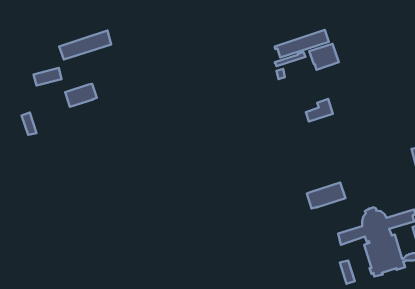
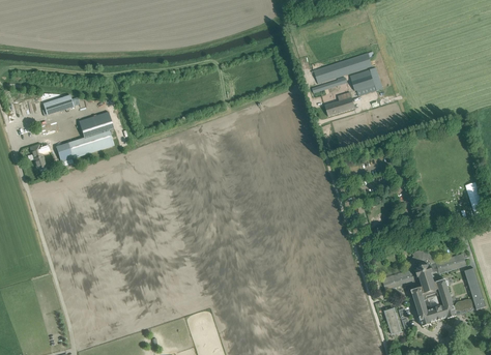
building: [59,31,111,60] -> [56,129,114,161]
building: [306,99,333,121] -> [325,91,355,116]
building: [307,183,345,208] -> none

